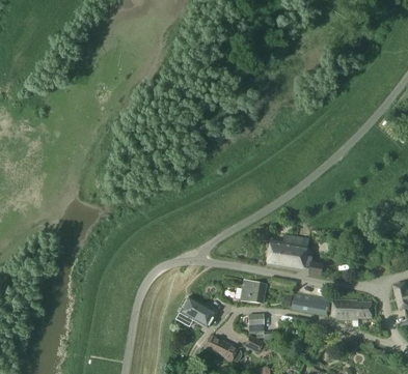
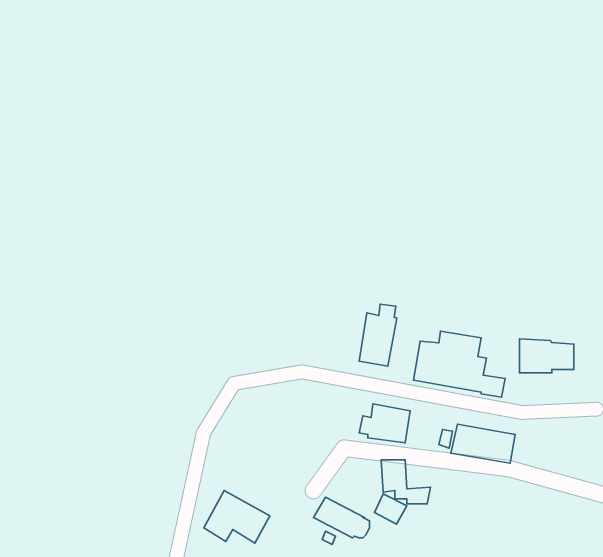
building: none -> [359,304,397,366]
building: [175,296,216,328] -> [204,491,270,543]
building: [338,299,372,320] -> [520,339,574,373]

